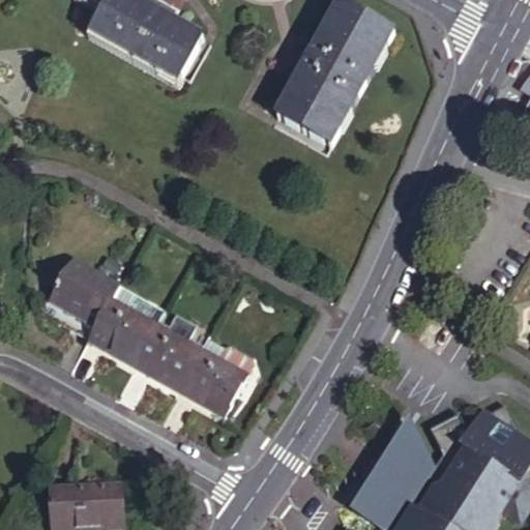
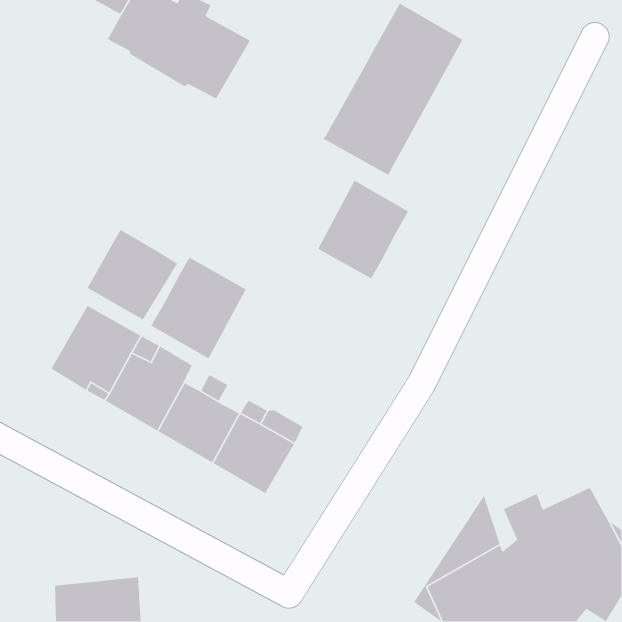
building: none -> [317,180,409,280]
building: none -> [87,229,178,321]
building: none -> [150,256,247,360]

